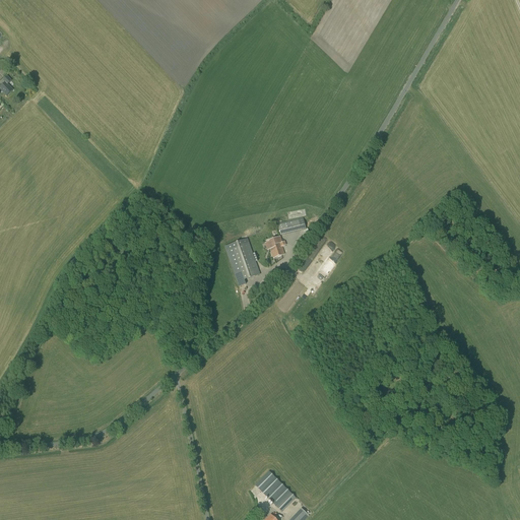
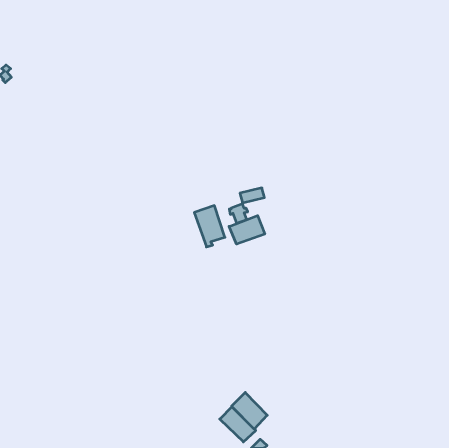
building: none -> [229,216,265,244]
building: none -> [232,392,267,429]

